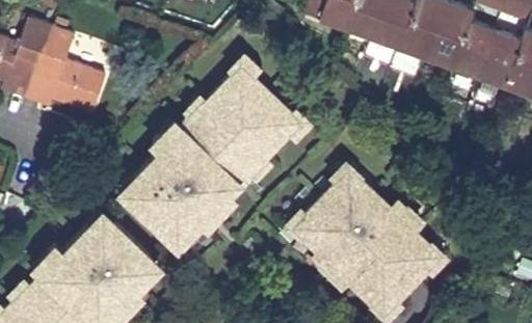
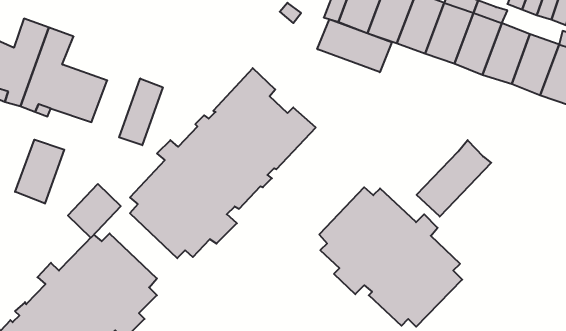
building: none -> [317,19,392,72]
building: none -> [119,78,163,145]
building: none -> [15,140,64,204]
building: none -> [417,140,491,217]
building: none -> [68,184,121,238]

